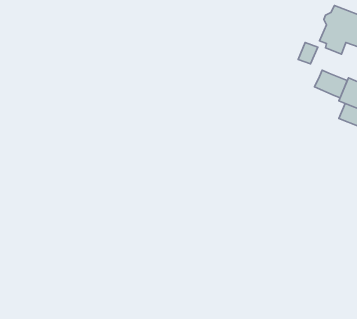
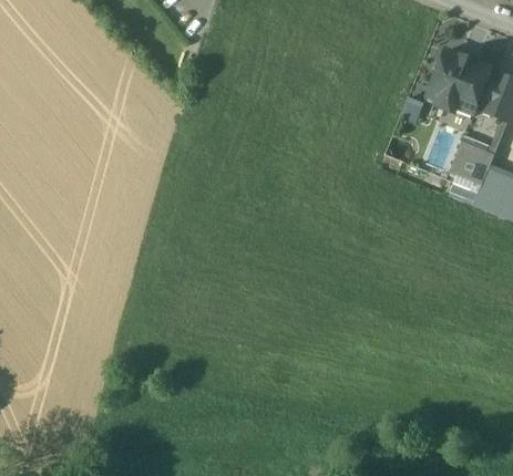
building: [315,70,347,98] -> none

